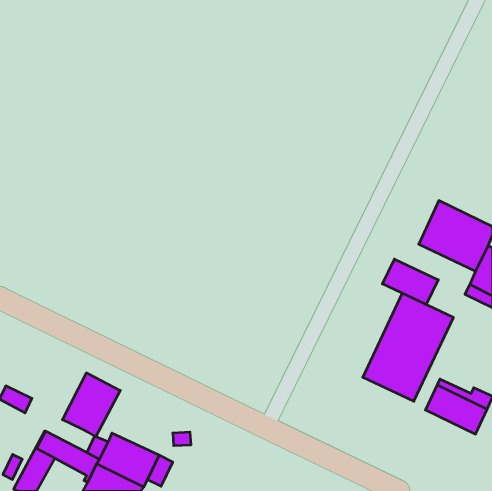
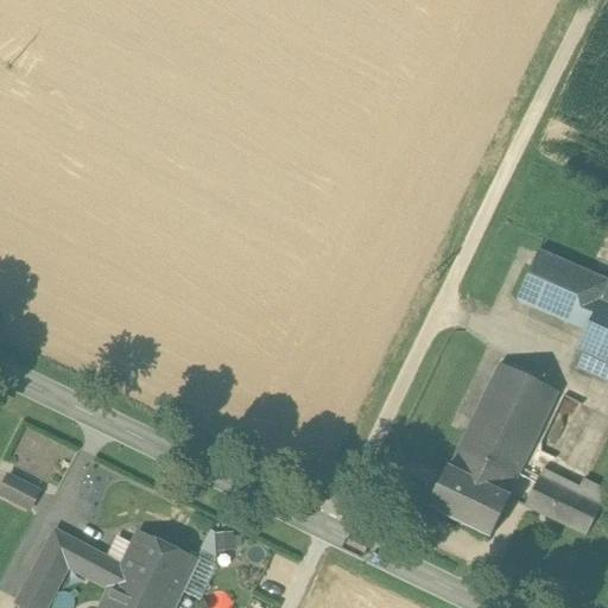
building: [382,259,438,305] -> none
building: [62,373,120,437] -> none
building: none -> [428,464,511,537]

